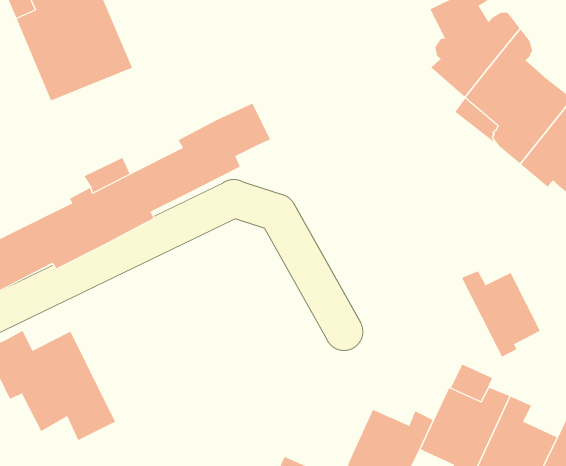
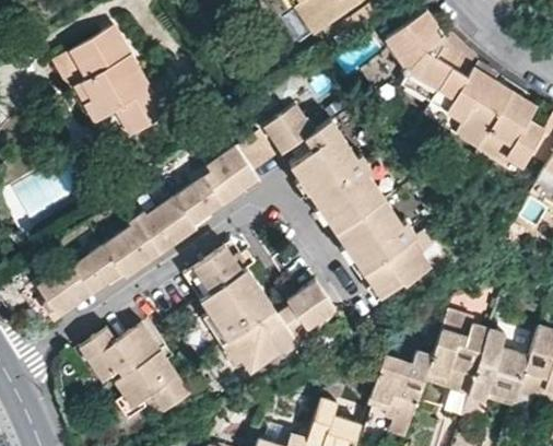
building: none -> [264,104,432,297]
building: none -> [186,245,337,372]
building: [461,271,541,358] -> none

